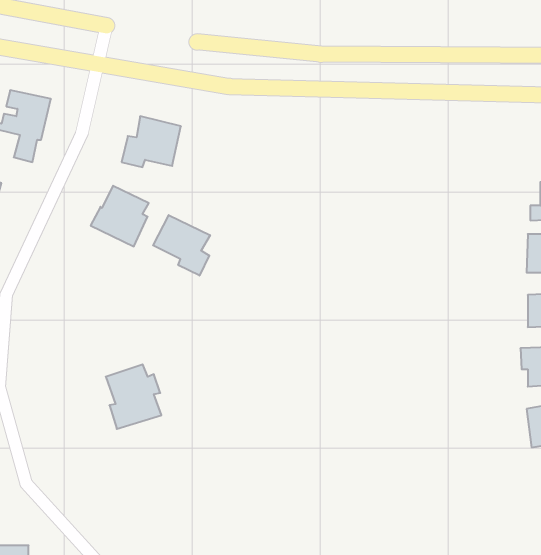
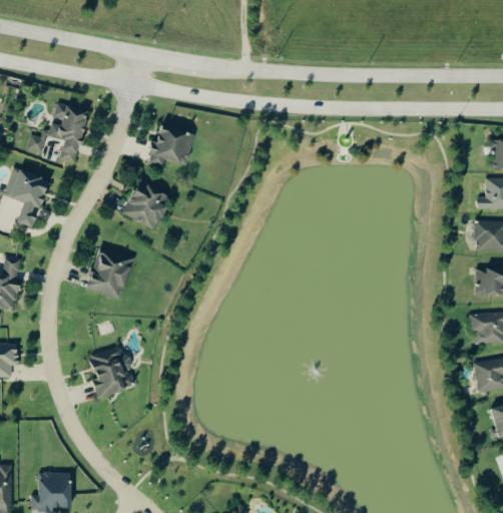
building: [153,215,210,276] -> none
building: none -> [86,247,133,300]
building: [106,364,161,429] -> [89,346,134,398]

